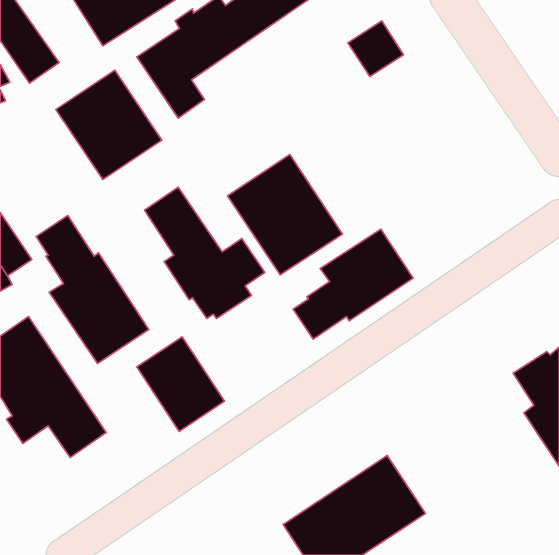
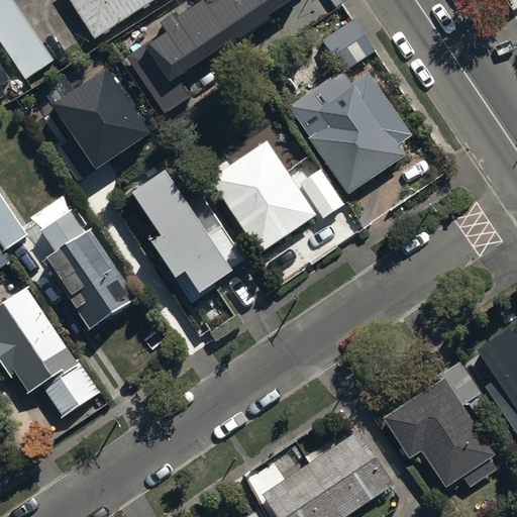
building: none -> [309,78,409,201]
building: [293,229,413,339] -> none
building: [137,337,225,431] -> none
building: none -> [383,351,495,480]

